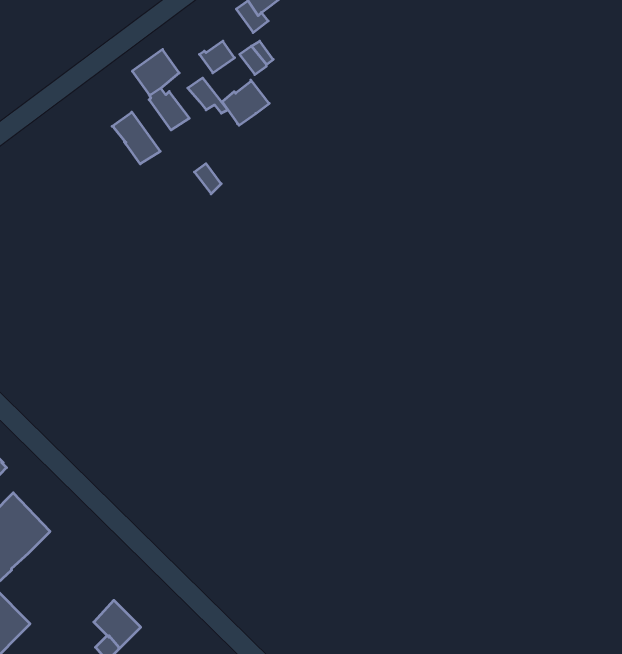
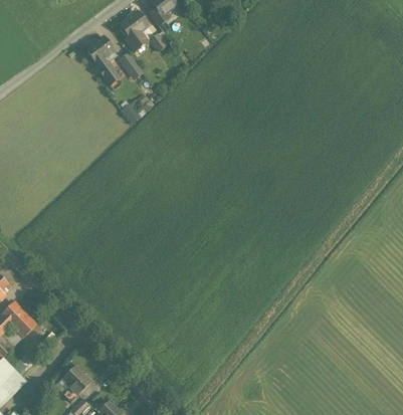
building: [222,80,269,125] -> [120,11,148,38]
building: [112,112,160,164] -> none

